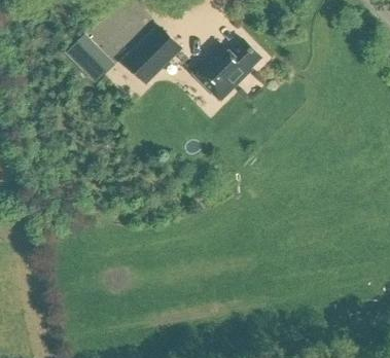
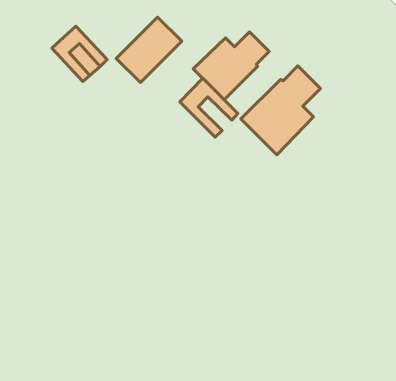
building: none -> [241,66,321,155]
building: none -> [180,78,238,137]

